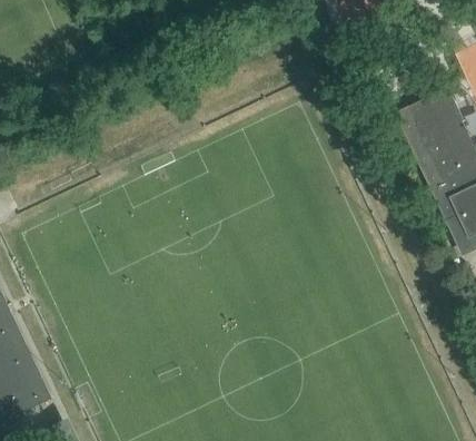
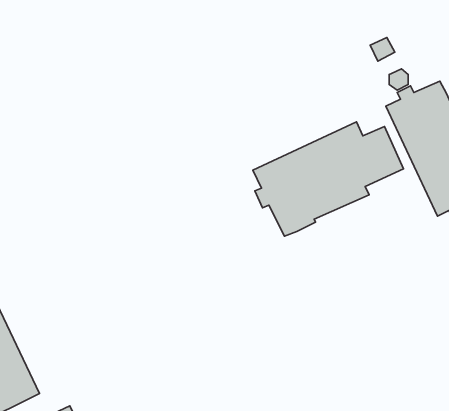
building: none -> [253,122,403,236]

